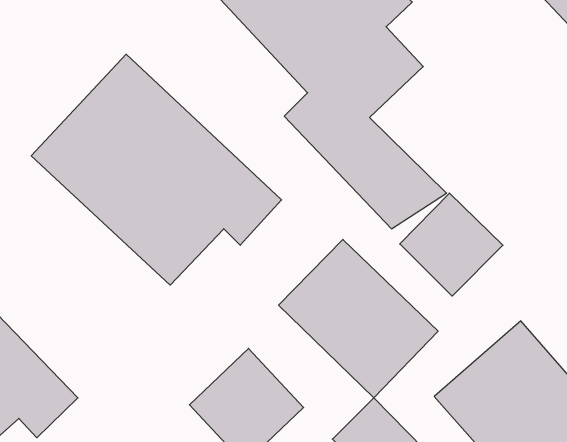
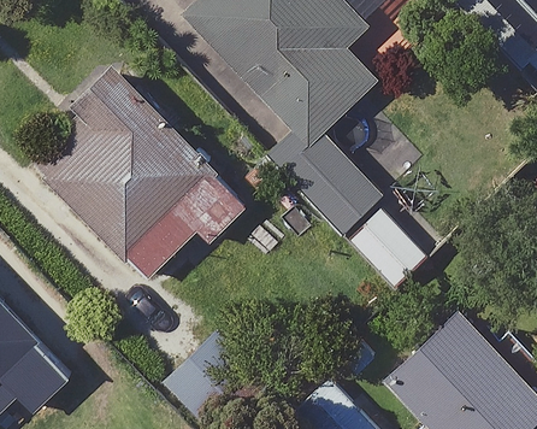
building: [279,239,438,398] -> none

